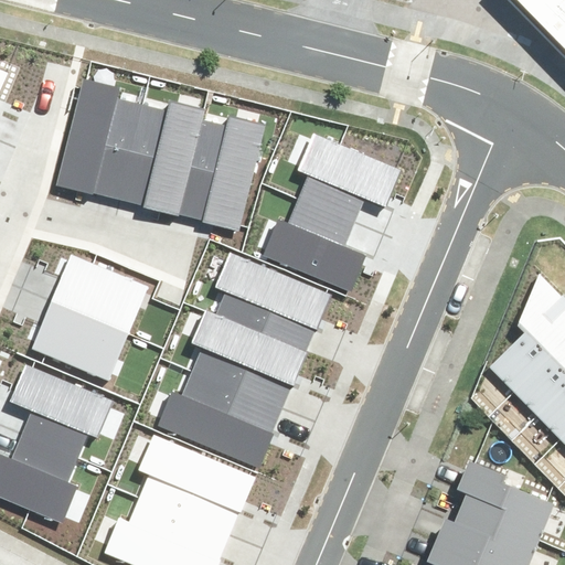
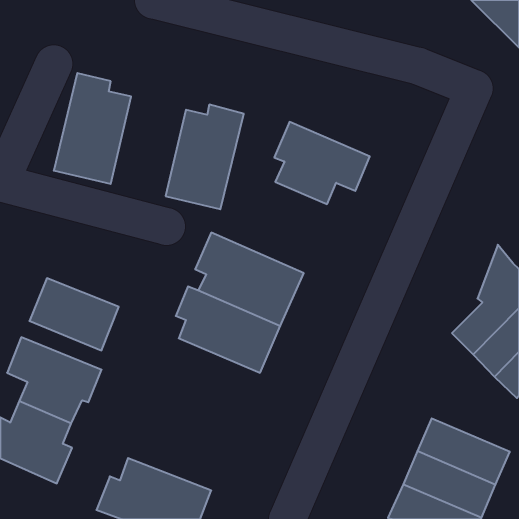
building: [120,99,205,213] -> none
building: [266,198,369,291] -> none
building: [51,255,149,333] -> none
building: [159,370,282,468] -> none
building: [138,435,255,533] -> none

